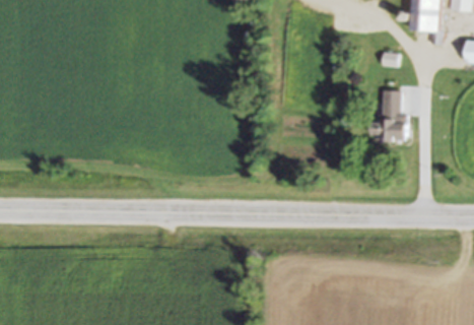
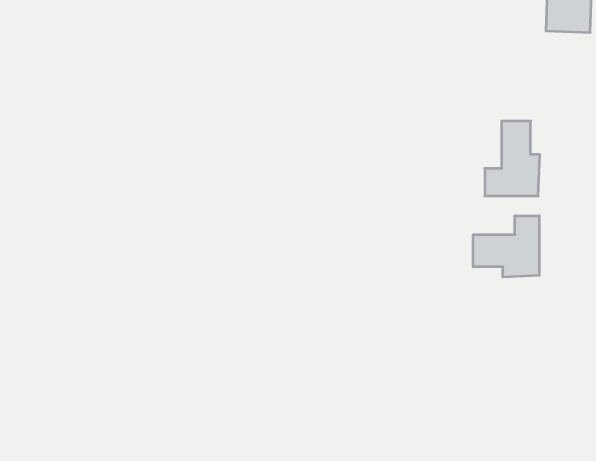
building: none -> [473,216,539,277]

